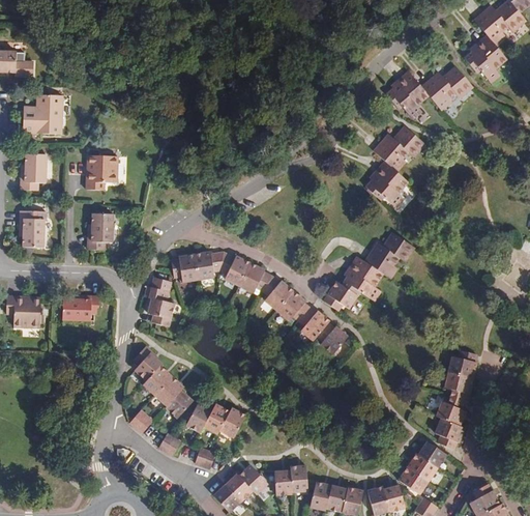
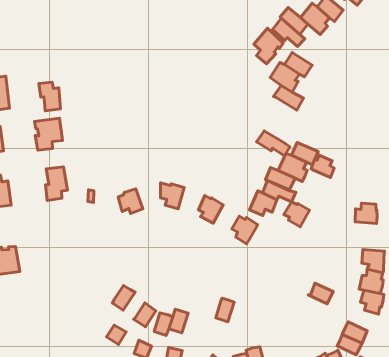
building: none -> [254,28,283,64]
building: none -> [39,82,60,111]
building: [365,175,404,208] -> [256,131,290,156]
building: [194,251,224,279] -> none
building: none -> [311,155,334,178]
building: [239,262,273,292] -> none
building: [148,278,174,327] -> none
building: [277,290,310,320] -> none
building: [62,295,99,320] -> none
building: [317,322,348,353] -> [284,202,310,227]
building: [134,346,161,379] -> none
building: [448,350,476,377] -> [355,203,377,224]
building: [154,375,184,405] -> none
building: [220,407,245,436] -> [216,298,234,322]
building: [416,440,446,467] -> [308,283,333,304]

